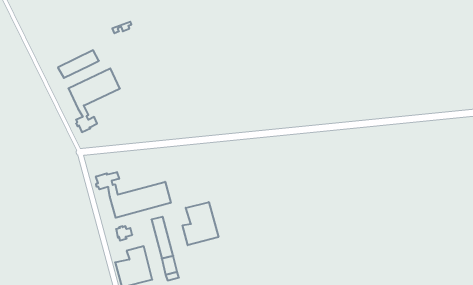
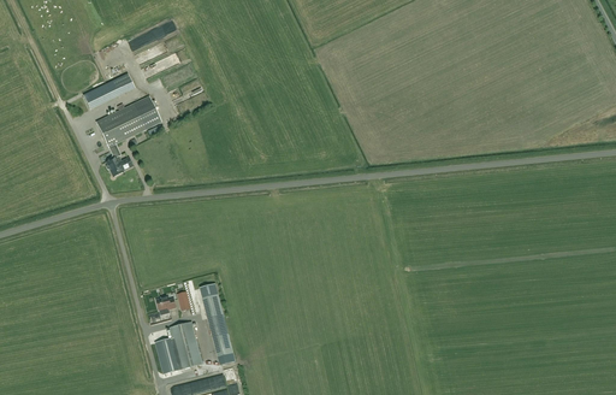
building: [96,172,171,218] -> none
building: [183,202,218,245] -> none

